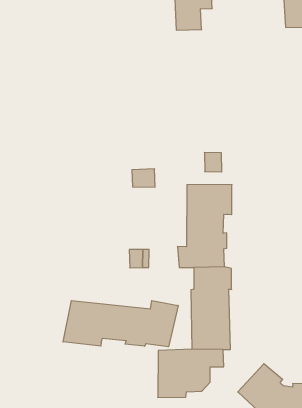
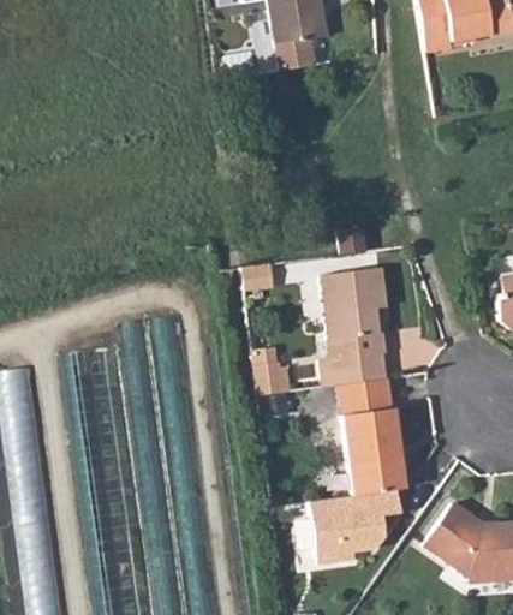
building: [63,301,178,347] -> none

